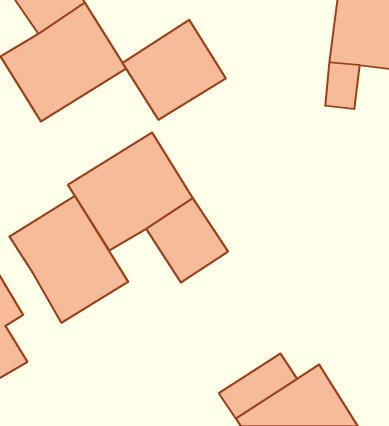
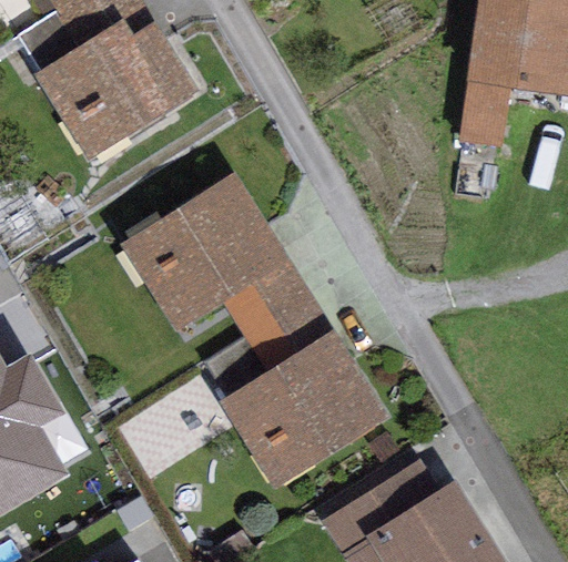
building: [122,20,226,120] -> none
building: [9,196,128,323] -> none
building: none -> [221,331,386,488]

